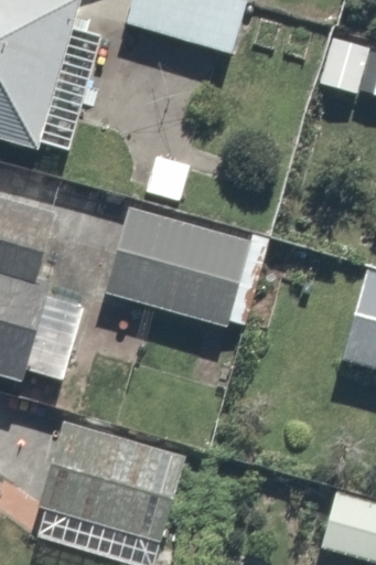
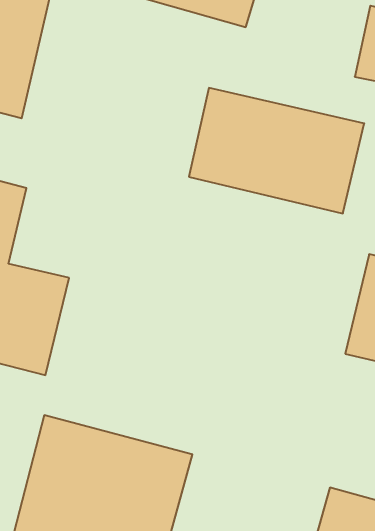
building: [96,202,259,319] -> [189,88,364,213]

